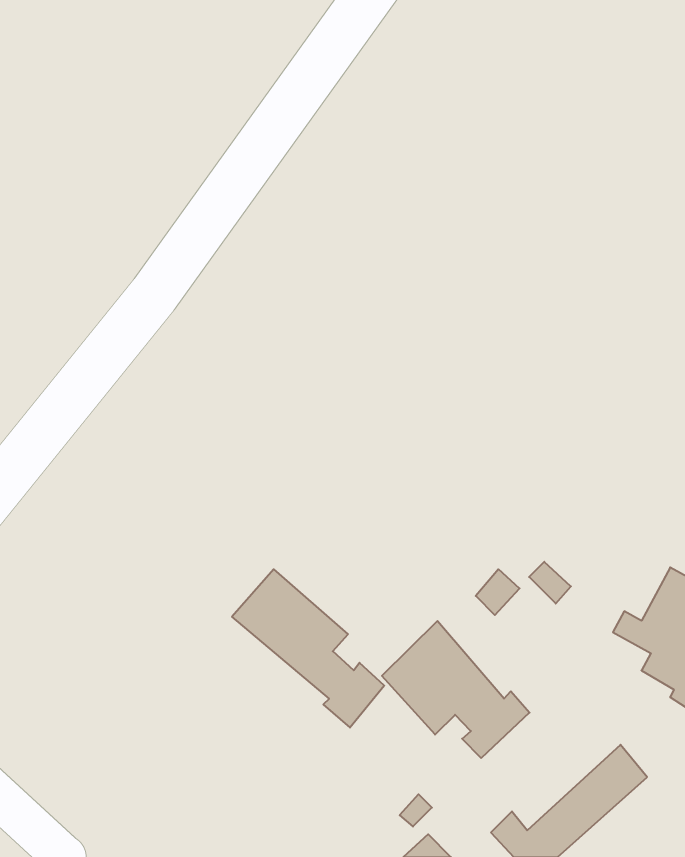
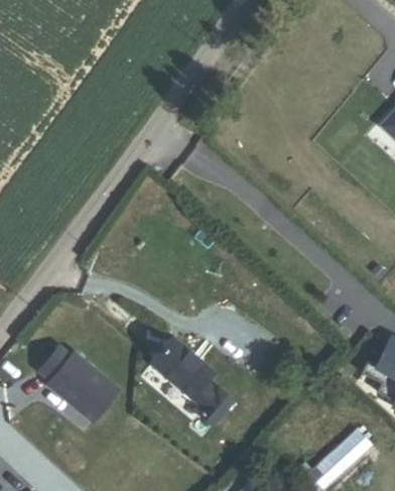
building: none -> [37,346,121,425]
building: [382,621,530,758] -> none

